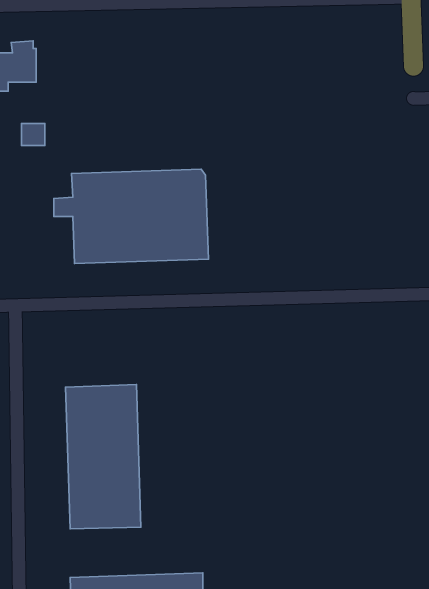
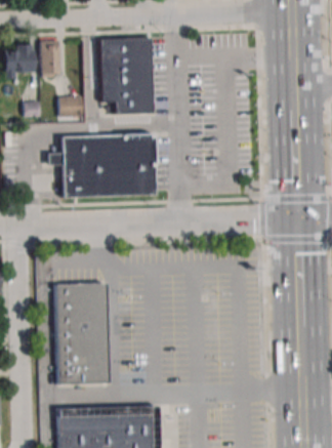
building: none -> [98,34,155,114]
building: none -> [41,36,61,77]
building: none -> [59,94,83,116]

